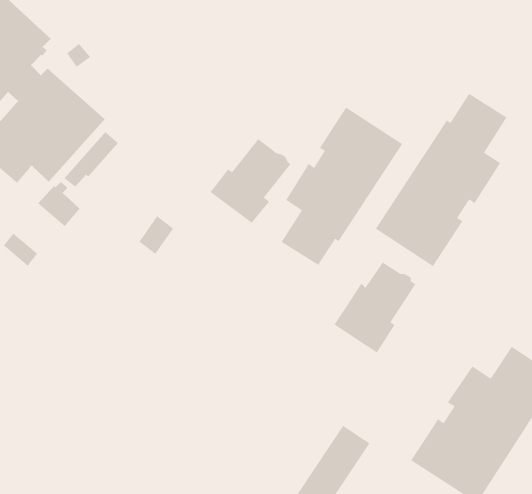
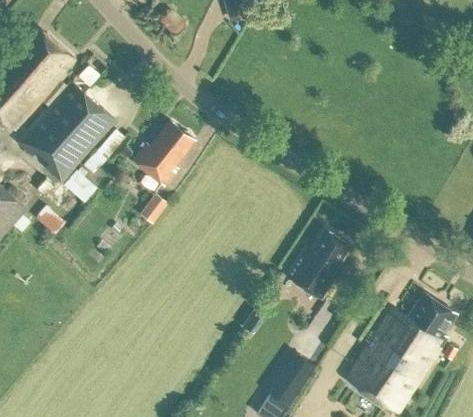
building: [375,93,508,267] -> none
building: [281,106,403,266] -> none
building: [209,138,291,224] -> [133,121,195,186]

